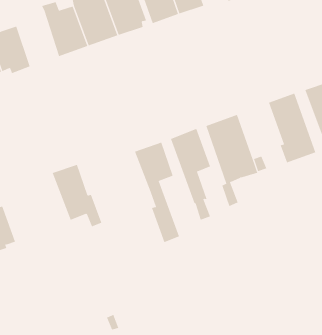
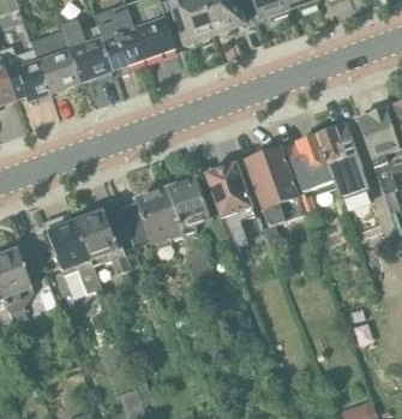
building: none -> [30,29,79,92]
building: none -> [286,133,332,191]
building: none -> [119,188,182,247]
building: none -> [44,213,101,293]

